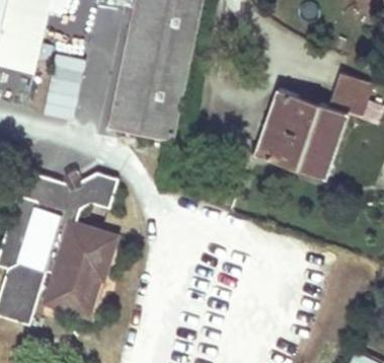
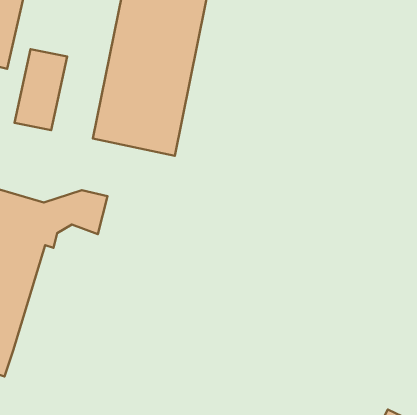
building: [261,75,369,180] -> none
building: [43,218,123,319] -> none

